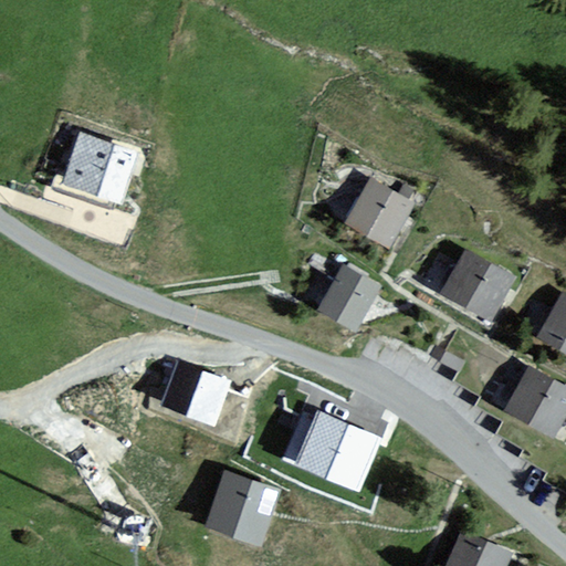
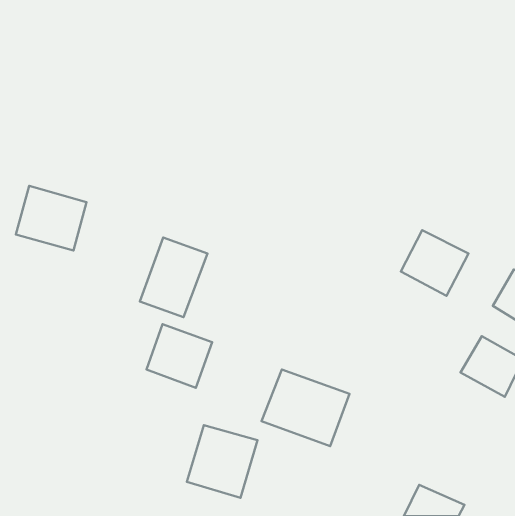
building: [57,135,135,206] -> [16,186,87,251]
building: [344,181,410,251] -> none
building: none -> [140,237,207,317]
building: [317,266,378,331] -> none

